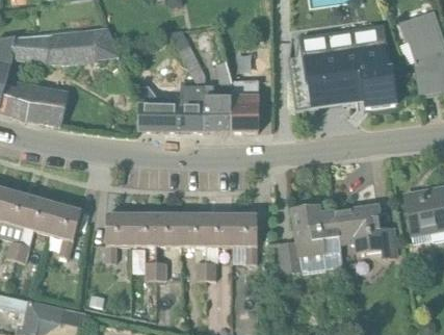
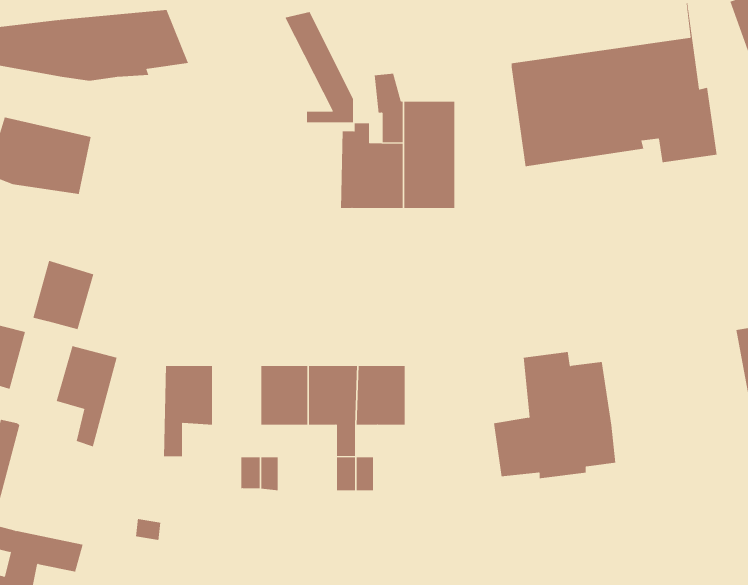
building: [137,86,205,131] -> none
building: [25,196,57,232] -> [33,260,94,330]
building: [335,206,395,256] -> none
building: [131,213,156,244] -> none
building: [232,213,257,262] -> none

